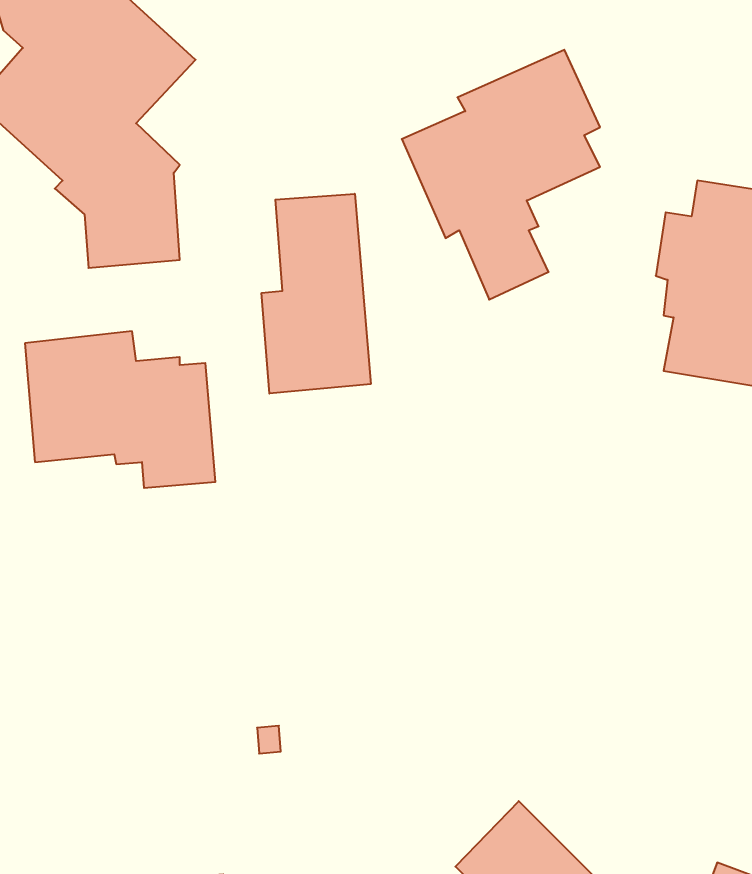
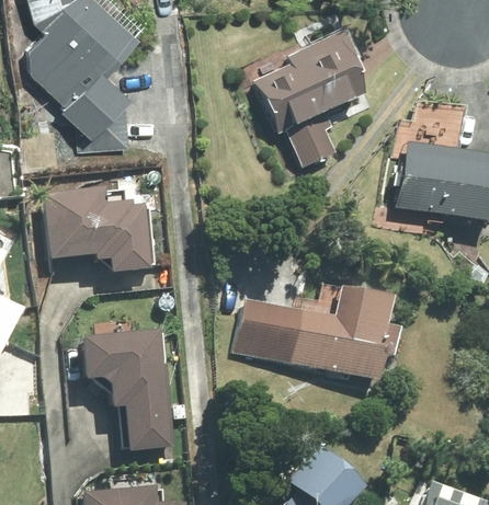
building: [262,194,371,394] -> none
building: none -> [231,285,400,380]
building: none -> [83,329,171,451]

